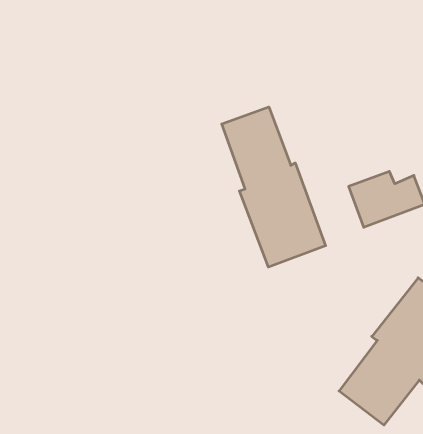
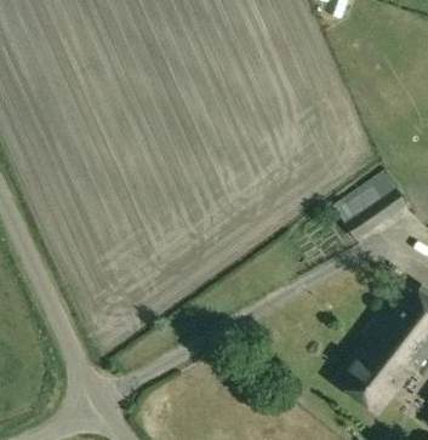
building: [222,107,326,267] -> none

